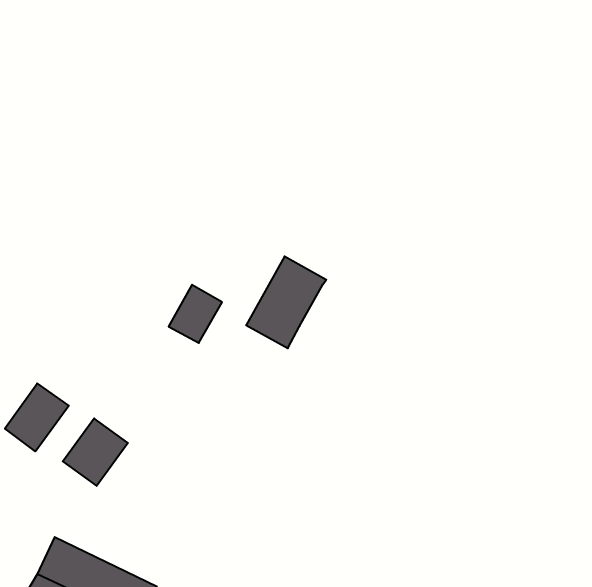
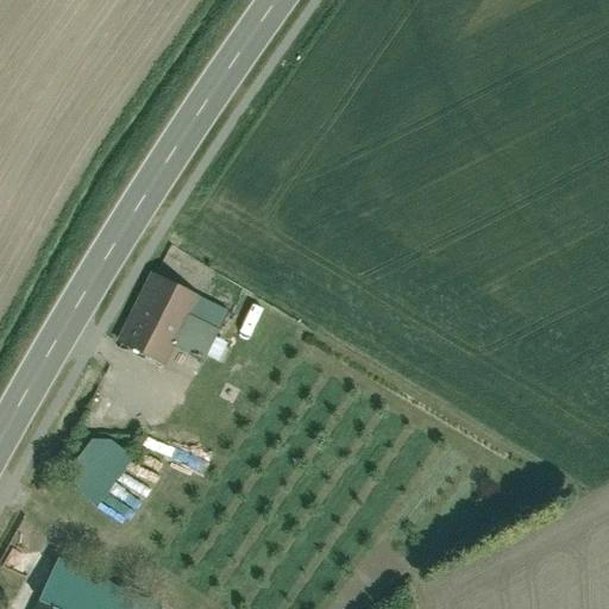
building: [246,256,326,348] -> [118,270,200,364]
building: [5,383,69,451] -> none

